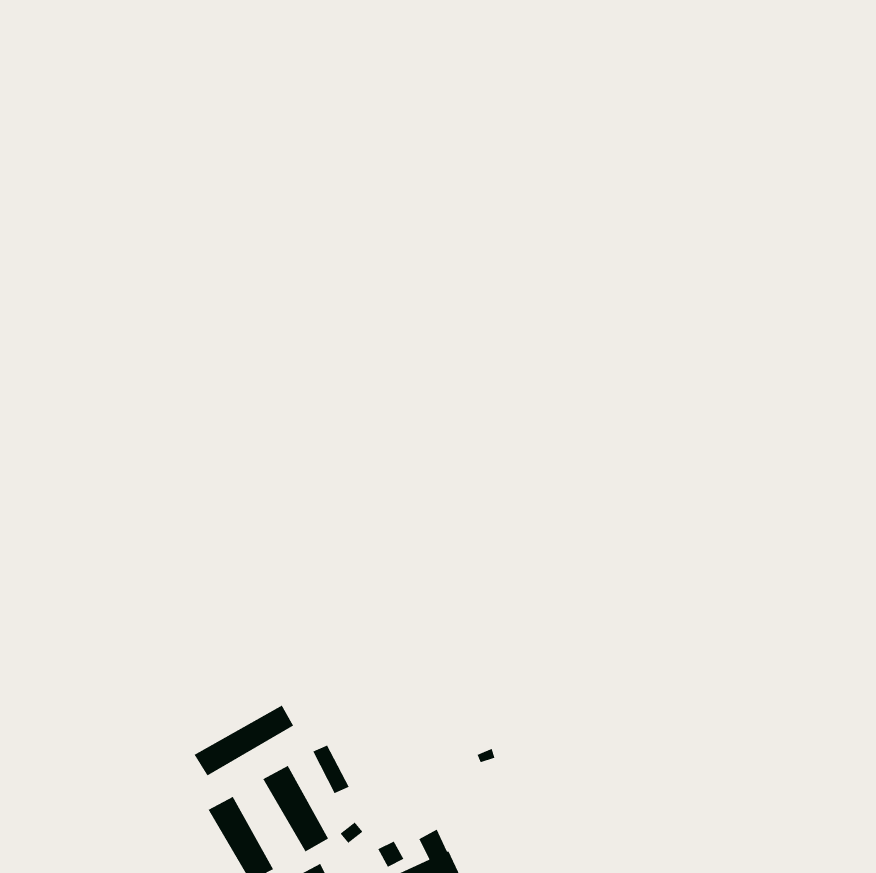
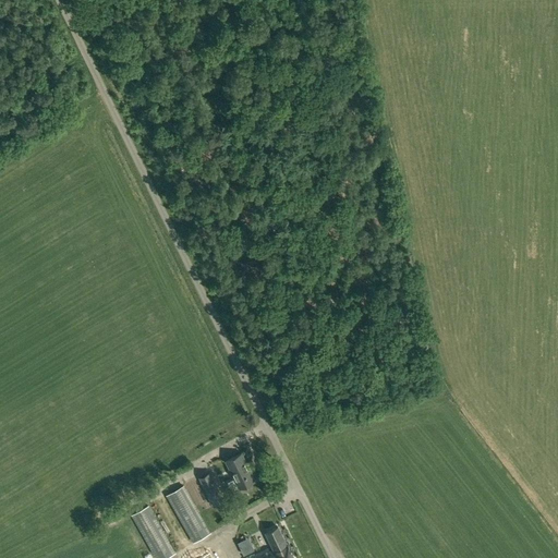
building: [194,705,294,776] -> none
building: none -> [225,454,255,490]

